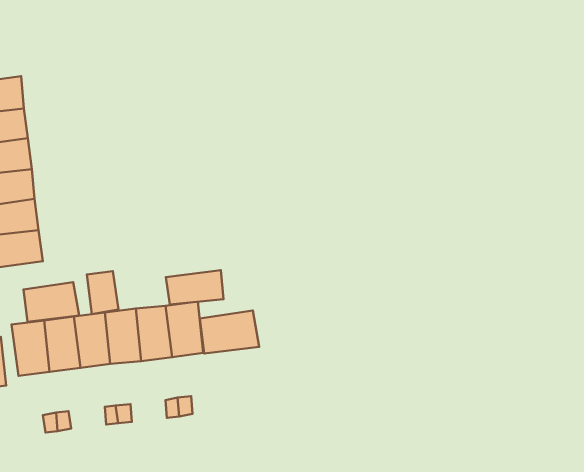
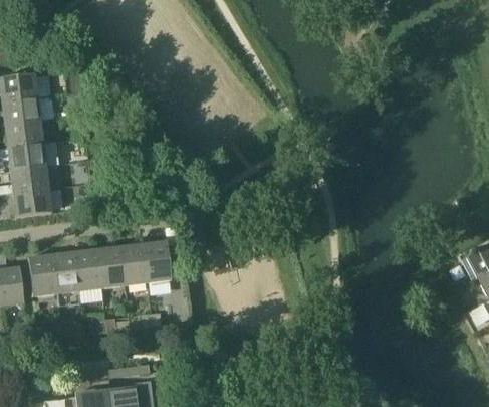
building: [166,270,224,304] -> none
building: [87,271,119,314] -> none
building: [23,282,79,322] -> none
building: [200,311,259,353] -> none

